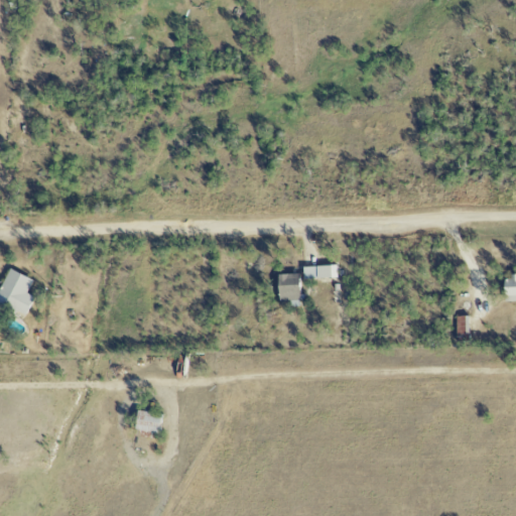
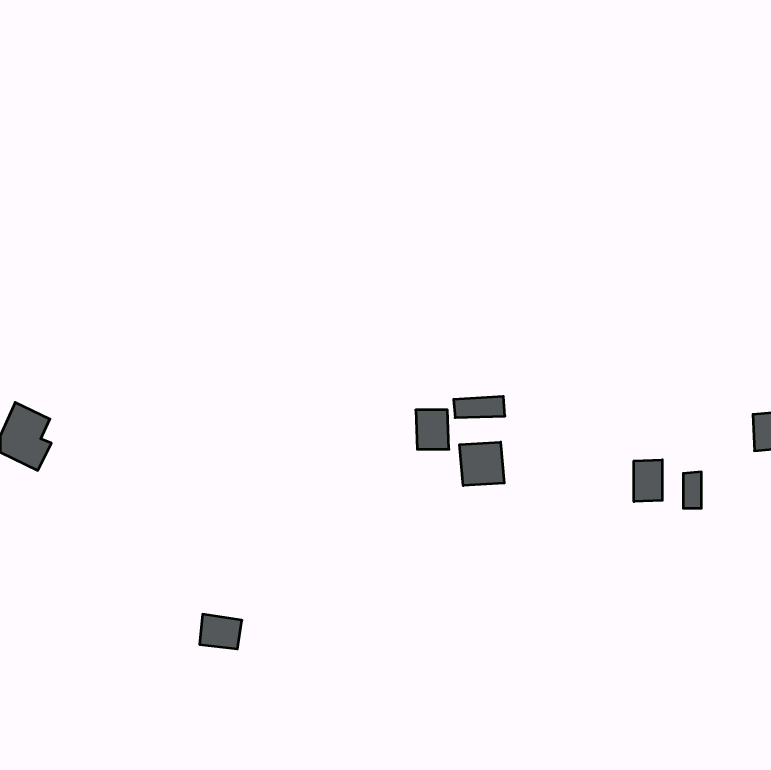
building: none -> [460,442,504,486]
building: none -> [634,460,662,502]

